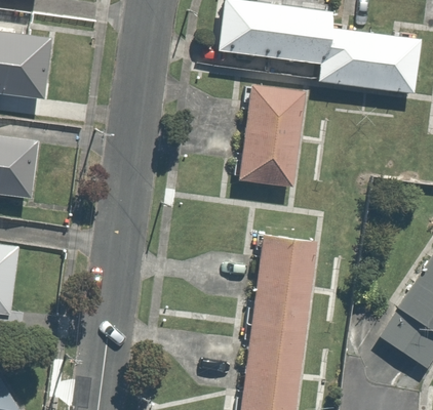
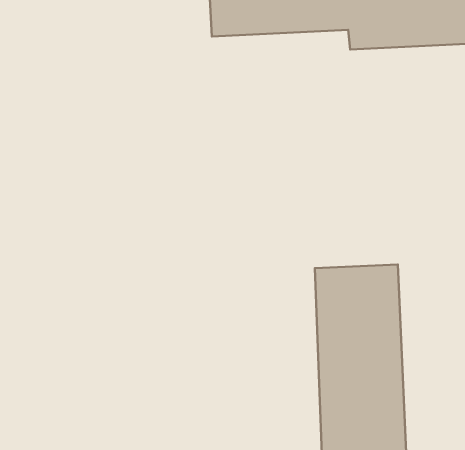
building: [235,86,303,184] -> none

